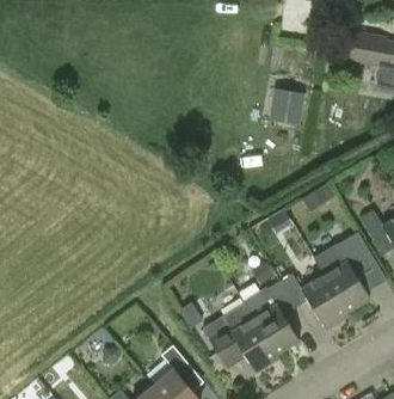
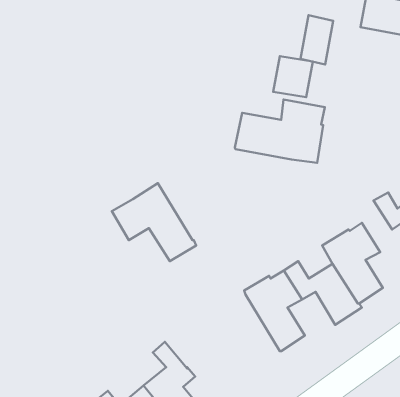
building: none -> [300,15,333,64]
building: none -> [235,99,325,163]
building: [203,303,279,374] -> [112,183,196,261]

